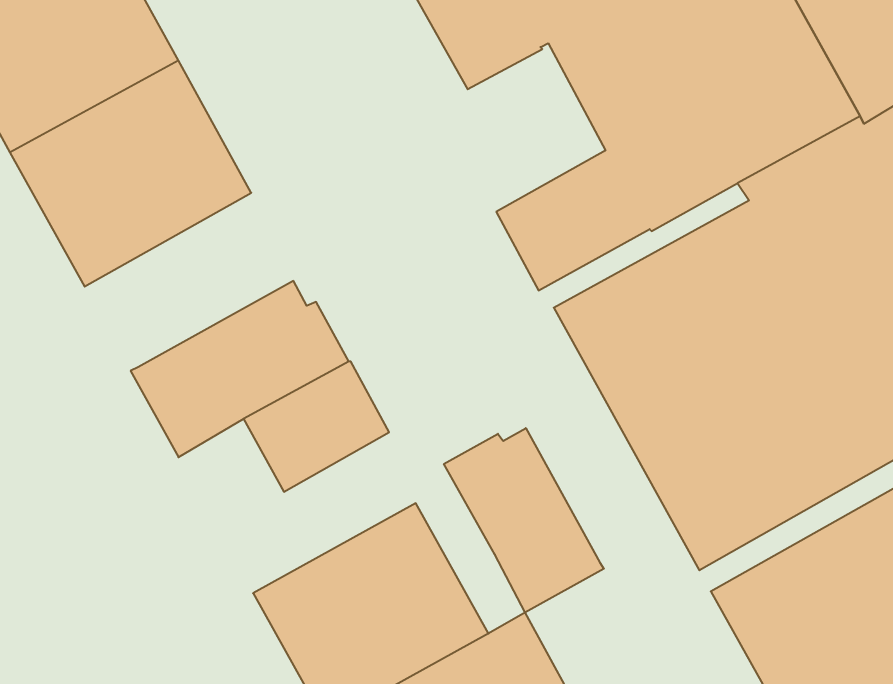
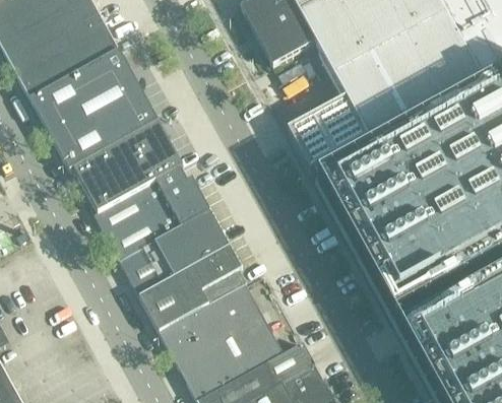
building: none -> [69,119,183,211]
building: none -> [119,239,246,331]
building: [444,428,604,612] -> none

